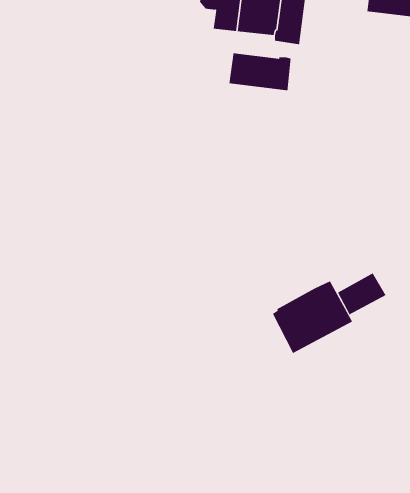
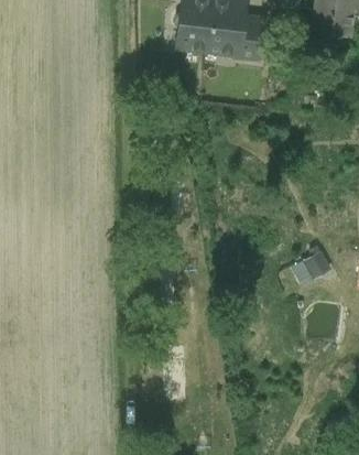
building: [229,53,291,91] -> none
building: [272,281,353,354] -> none

